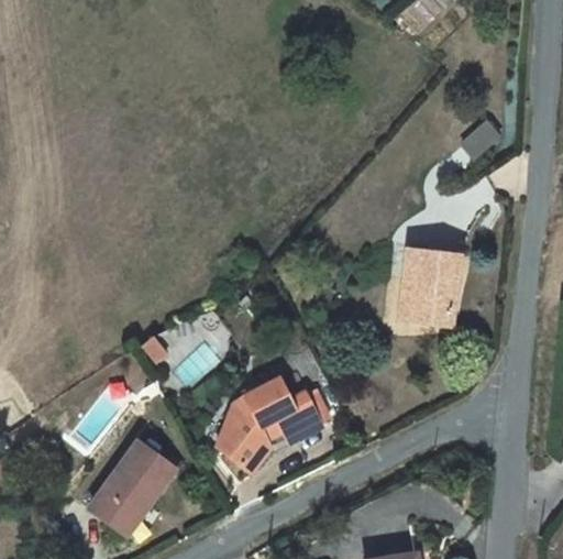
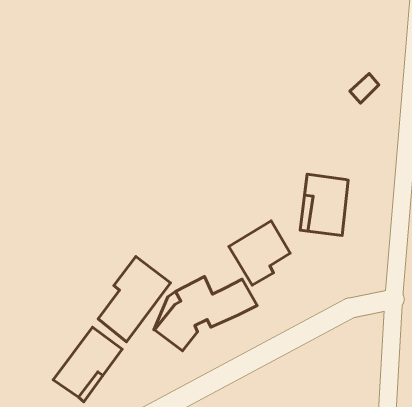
building: none -> [229,221,290,285]
building: none -> [98,256,171,342]

